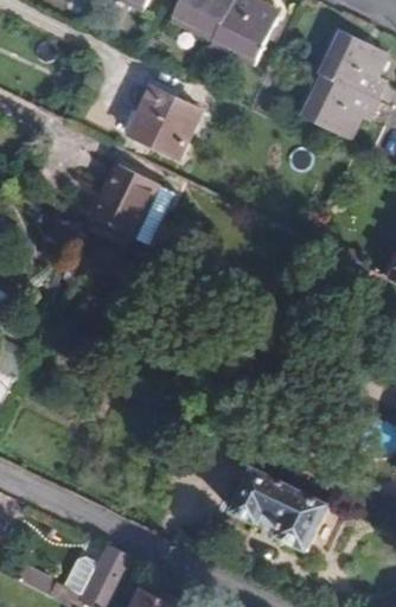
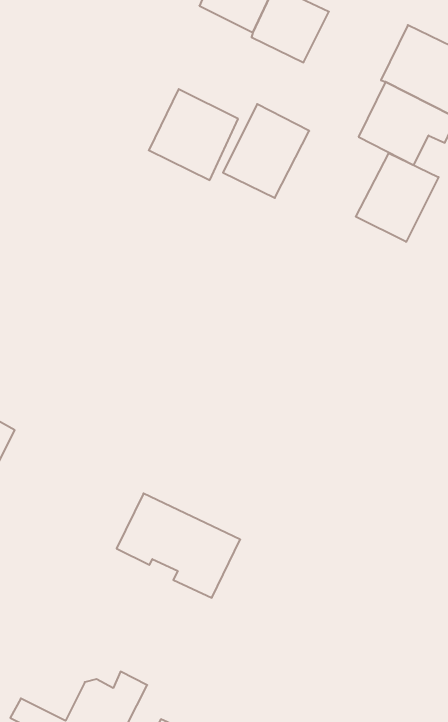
building: none -> [356,153,439,242]
building: [92,164,161,238] -> [223,104,309,198]
building: [229,469,327,552] -> [117,493,240,598]

